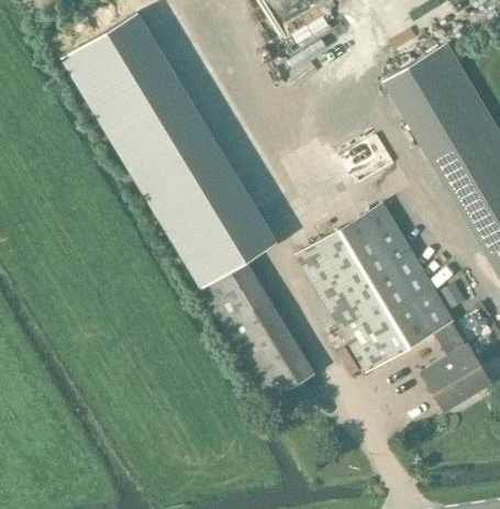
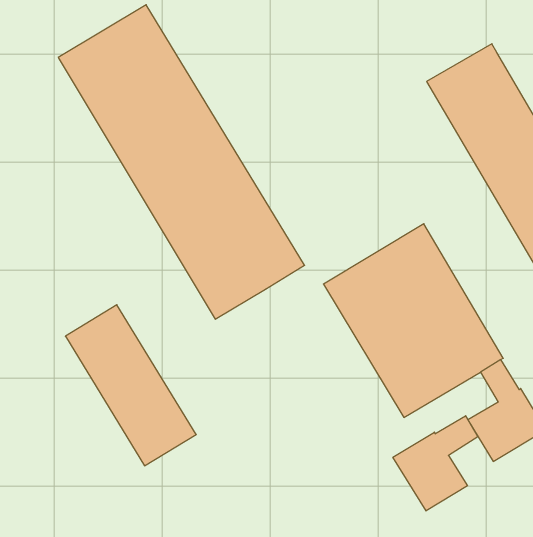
building: [200,261,314,401] -> [65,305,196,466]
building: none -> [393,416,478,511]

